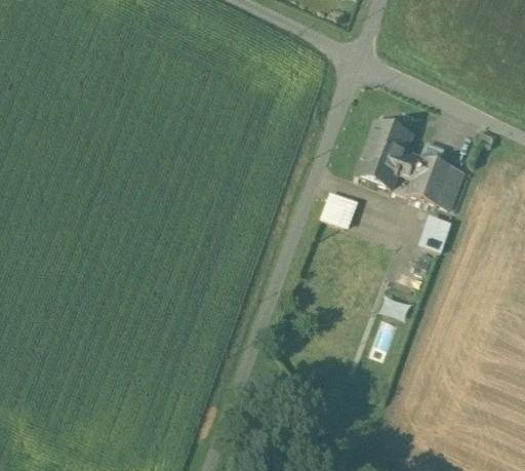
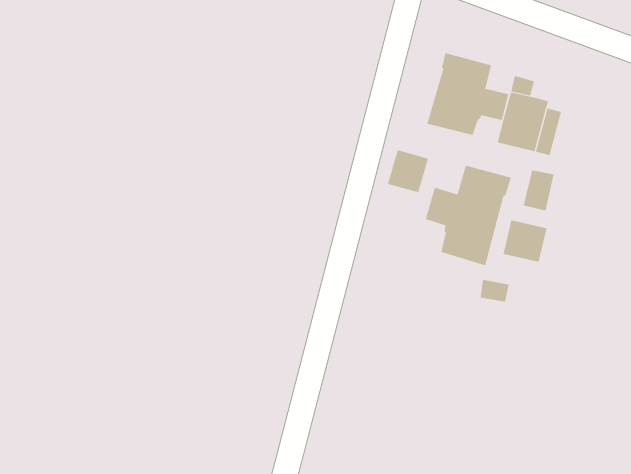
building: none -> [425,165,511,266]
building: none -> [503,220,547,263]

